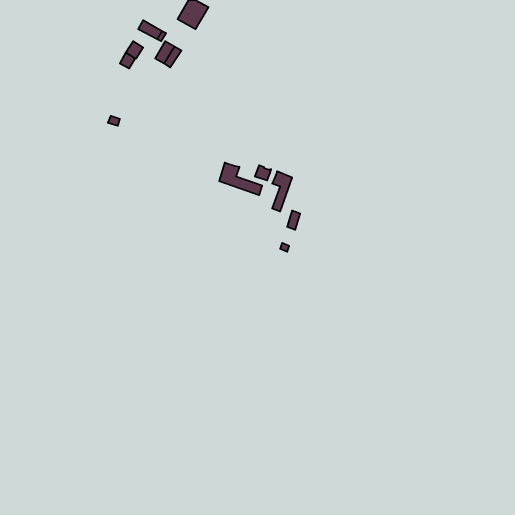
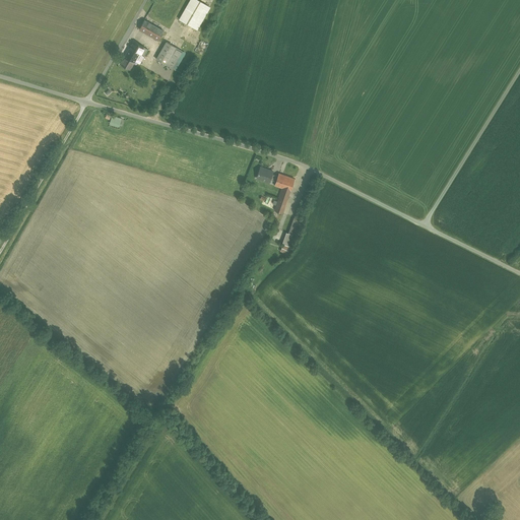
building: [219,163,262,195] -> none

